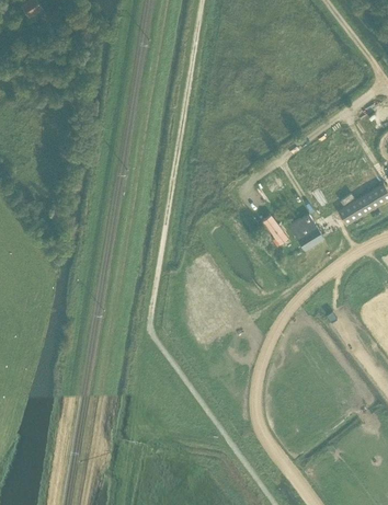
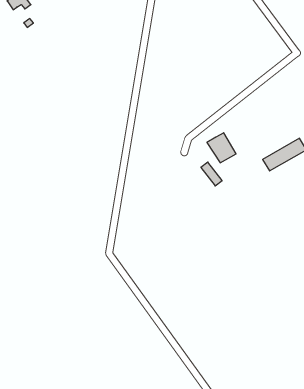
building: [285,211,321,249] -> [207,133,236,163]

